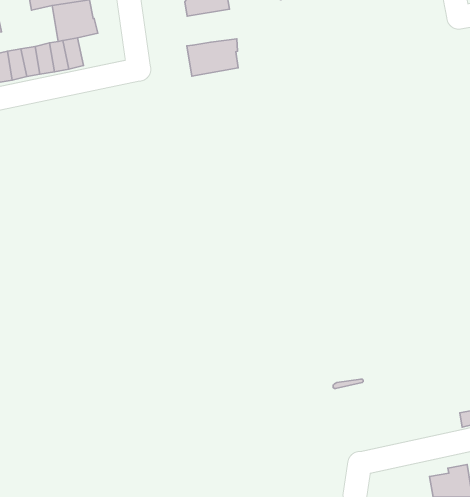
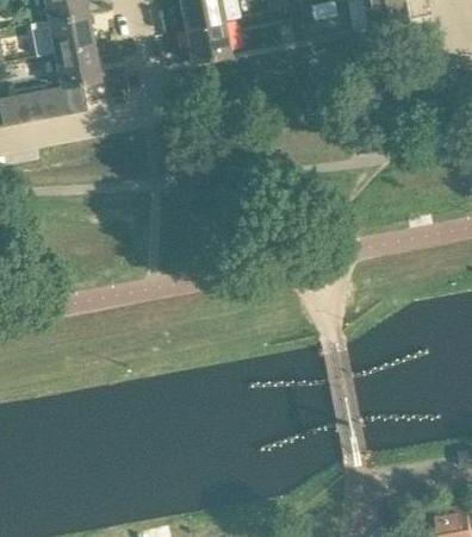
building: [187,39,238,76] -> none

